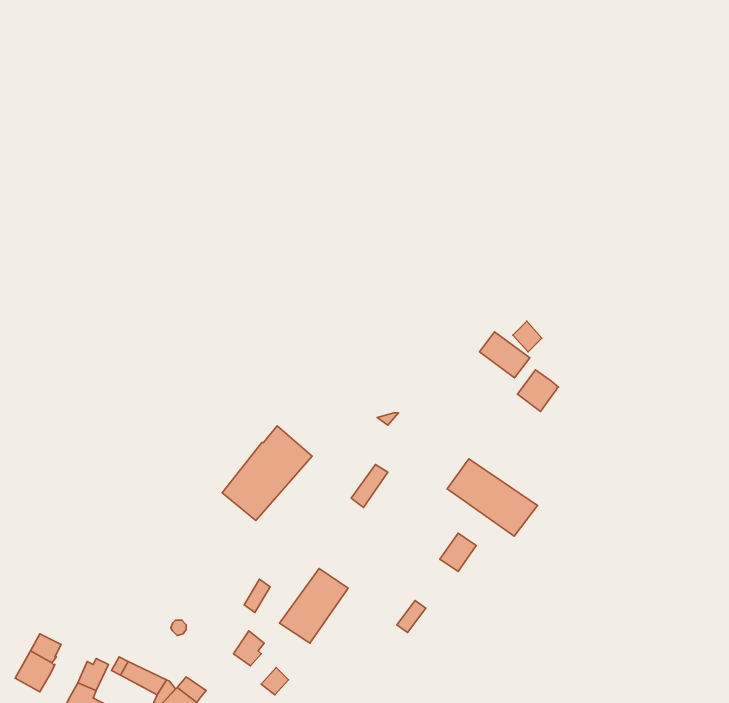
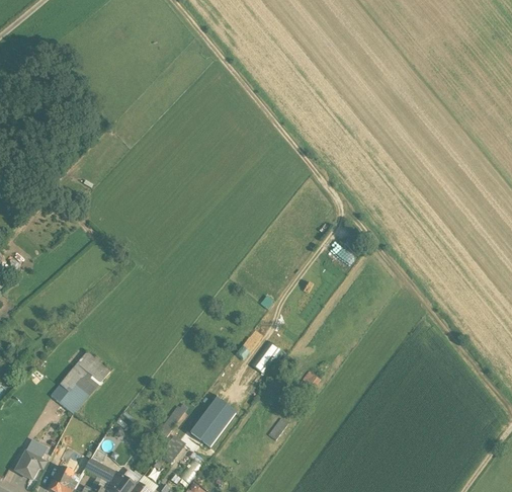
building: [518,370,559,411] -> none
building: [222,426,312,520] -> [51,351,110,414]
building: [447,459,537,536] -> none

